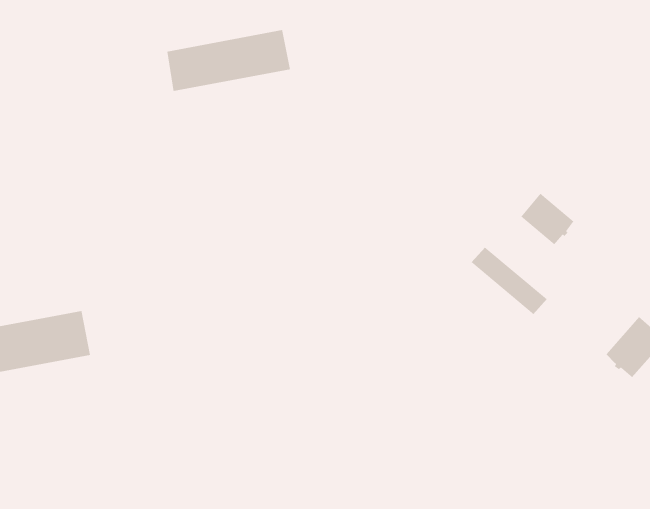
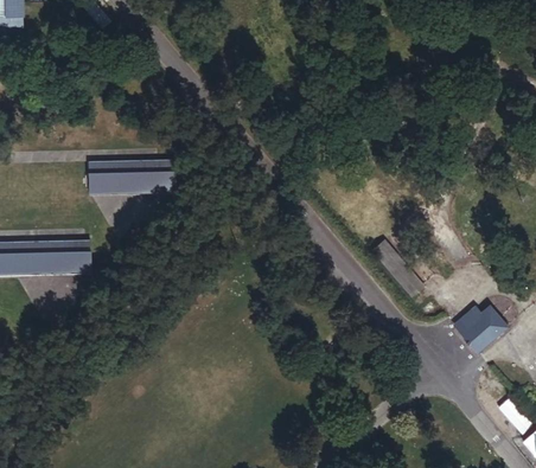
building: [166,30,291,92] -> [87,161,174,193]
building: [520,193,574,245] -> none

